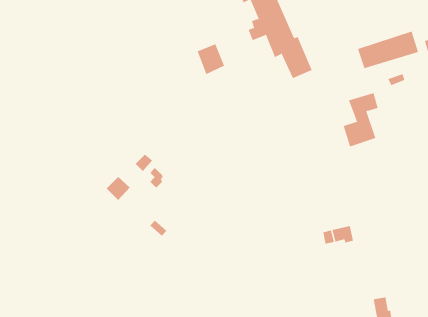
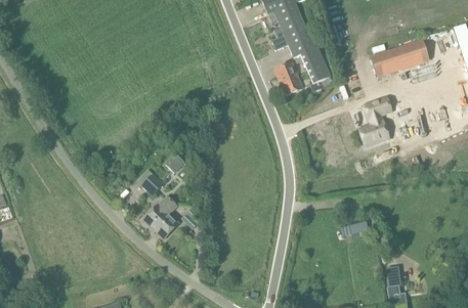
building: [197,44,225,75] -> [276,67,302,95]
building: none -> [143,196,178,237]

